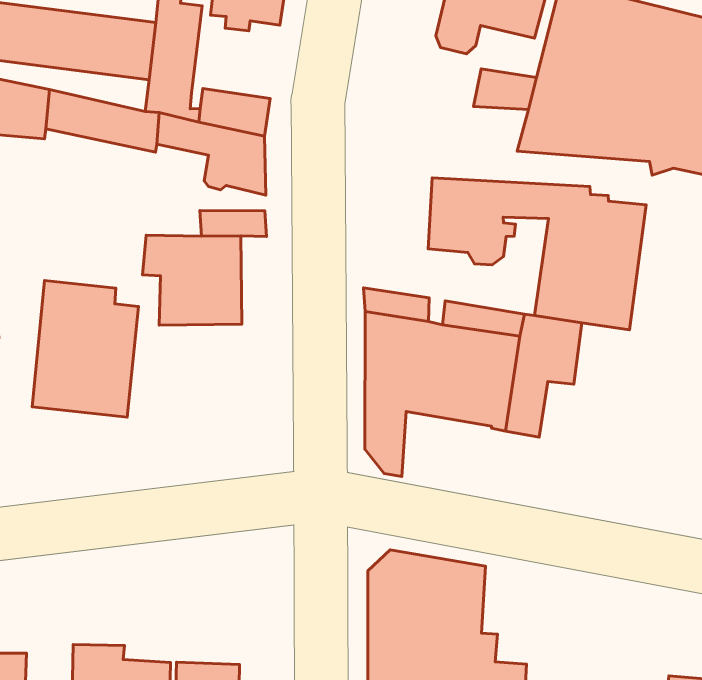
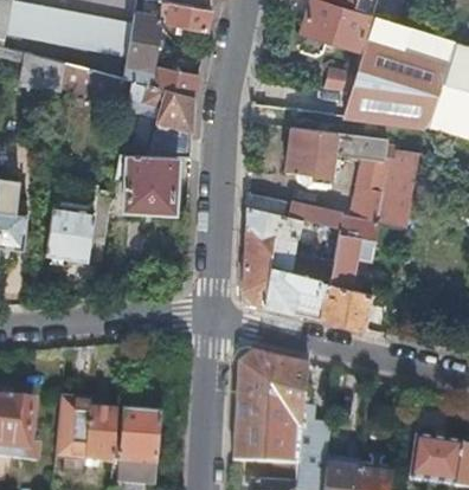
building: none -> [264,267,372,329]

